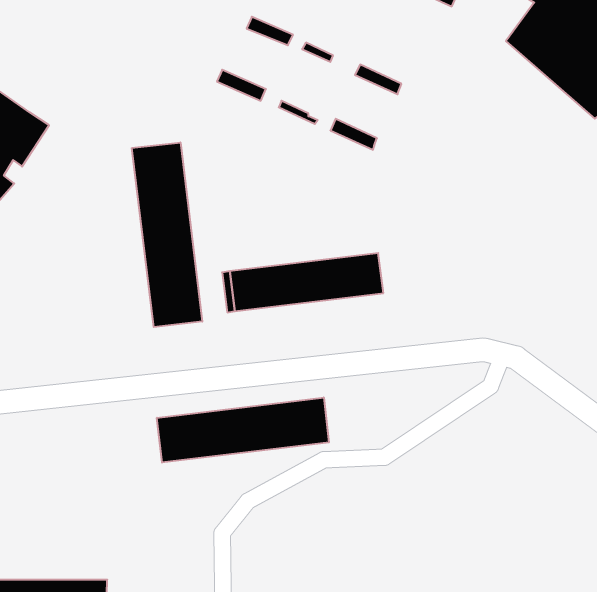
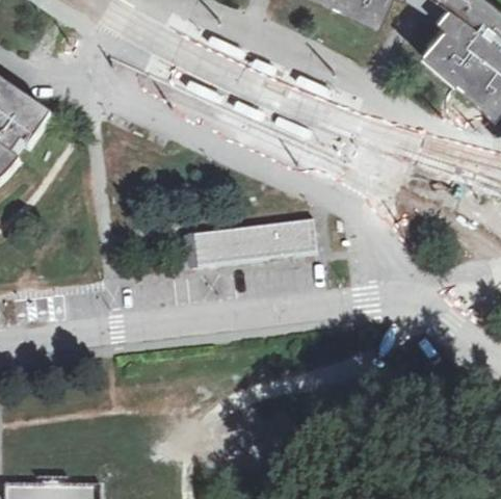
building: [132,142,202,327] -> none
building: [157,397,329,463] -> none

